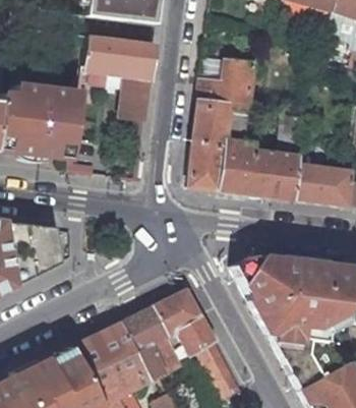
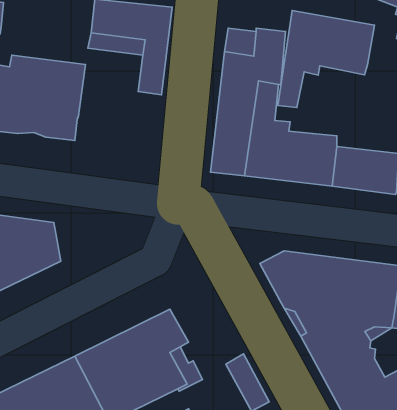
building: none -> [278,10,375,108]
building: [154,289,215,353] -> none

